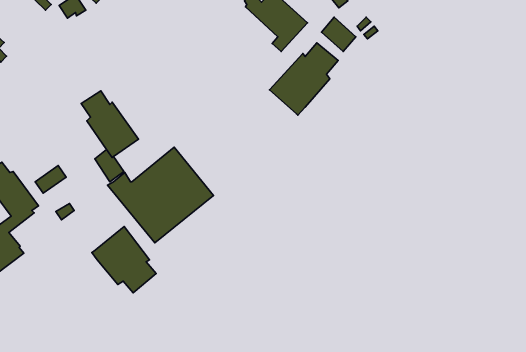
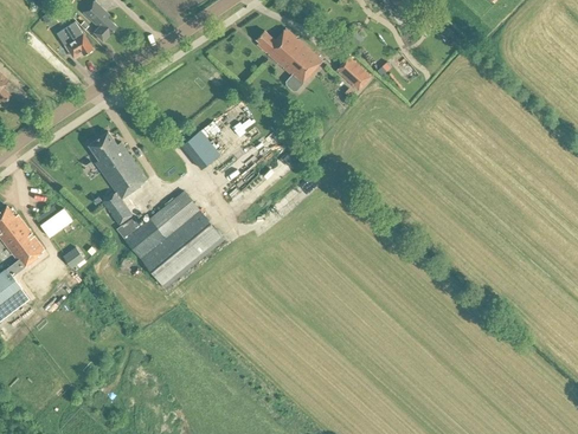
building: [269,43,338,115] -> none
building: none -> [180,129,219,169]
building: [92,226,156,293] -> none

